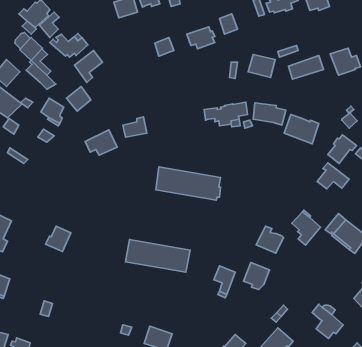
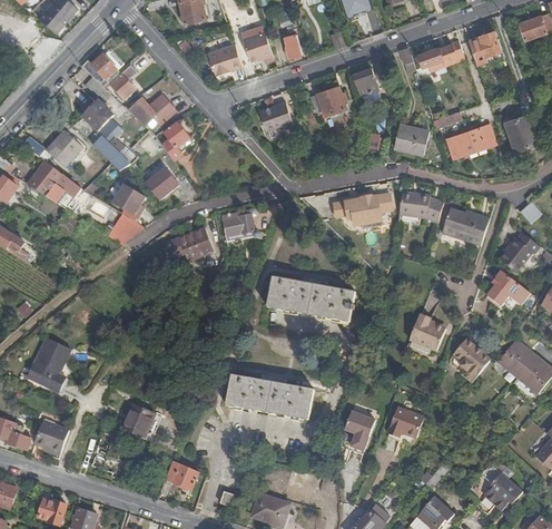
building: [256,226,283,253] -> [407,314,444,351]
building: [45,226,71,252] -> [119,404,154,439]
building: none -> [164,460,199,490]

